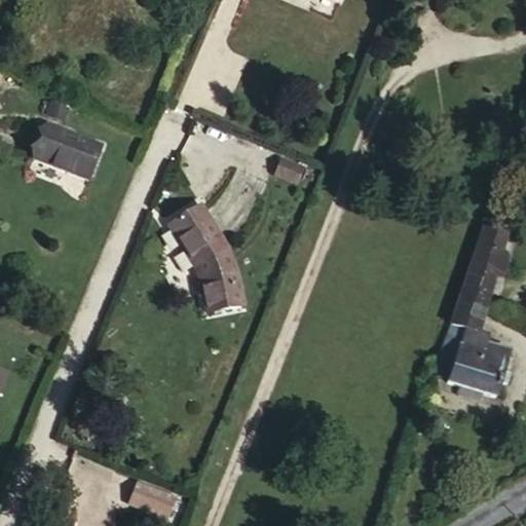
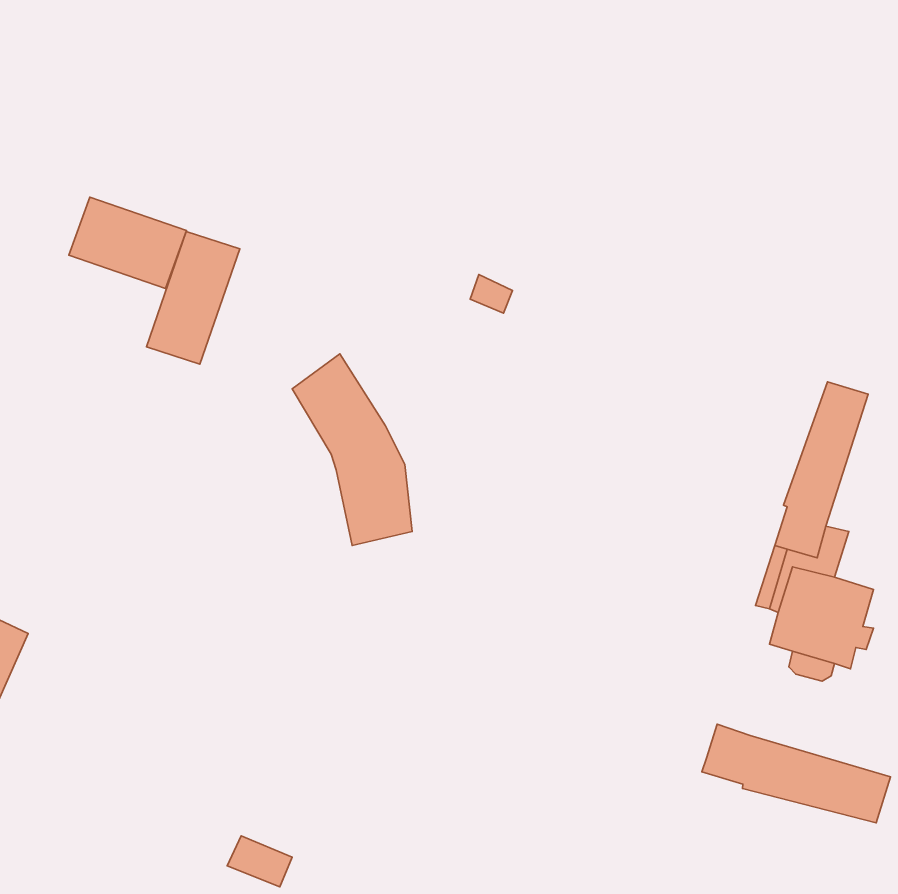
building: none -> [146,232,240,364]
building: none -> [702,724,891,823]

